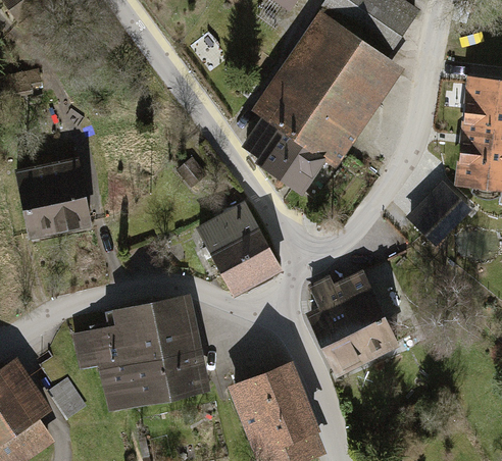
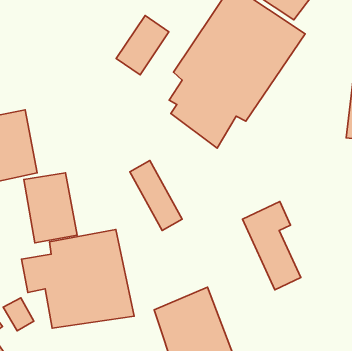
building: none -> [116,16,169,75]
building: [223,201,285,283] -> none
building: none -> [24,173,77,243]
building: [304,275,369,382] -> none

